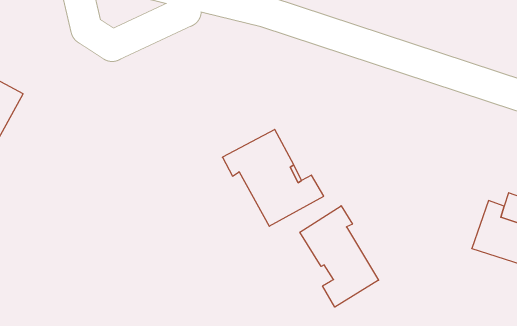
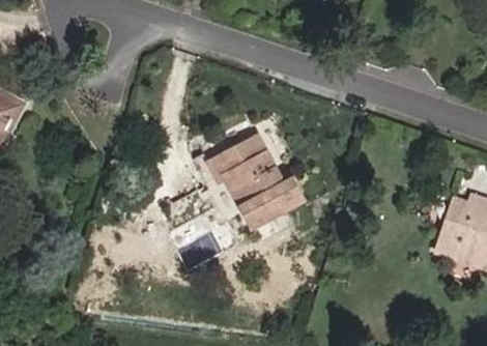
building: [300,206,379,307] -> none

